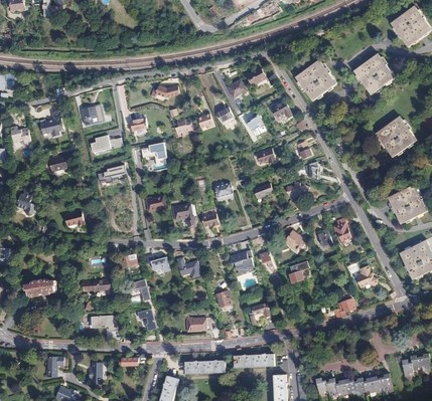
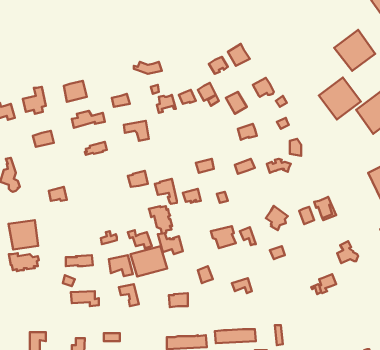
building: [295,59,337,102] -> [319,78,361,120]
building: none -> [149,206,172,233]
building: none -> [9,220,38,250]
building: none -> [131,246,167,276]

